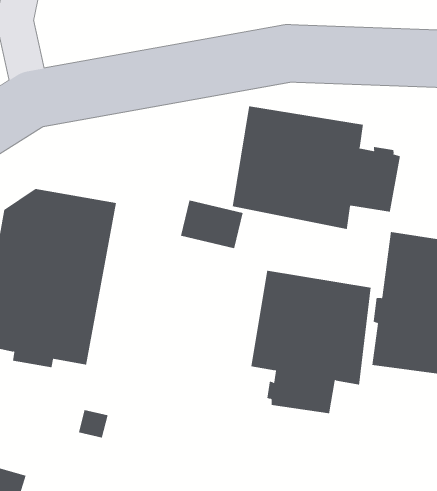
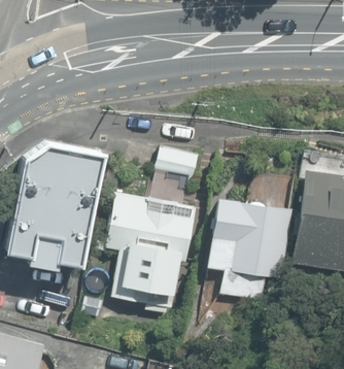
building: [232,105,401,230] -> none
building: none -> [101,193,196,313]

